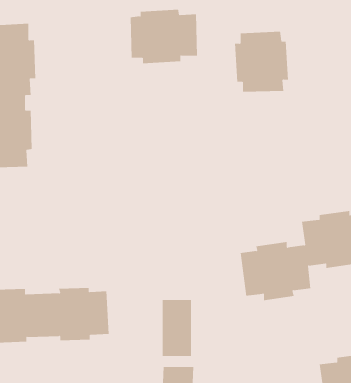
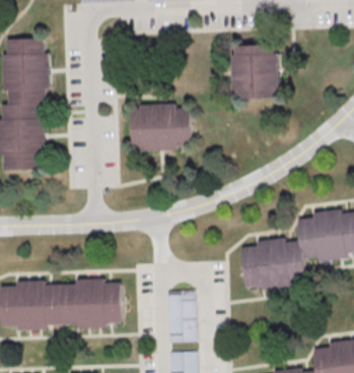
building: [130,9,198,64] -> [130,104,192,153]

